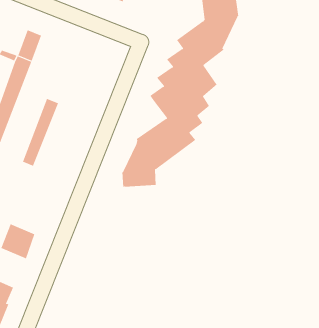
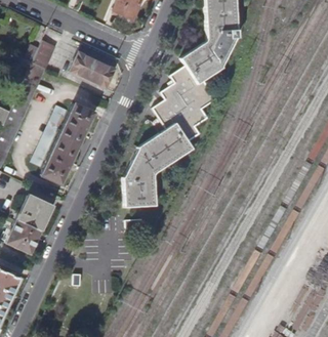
building: none -> [68,54,113,89]
building: none -> [41,102,93,184]
building: none -> [125,191,157,209]
building: none -> [17,195,51,229]

